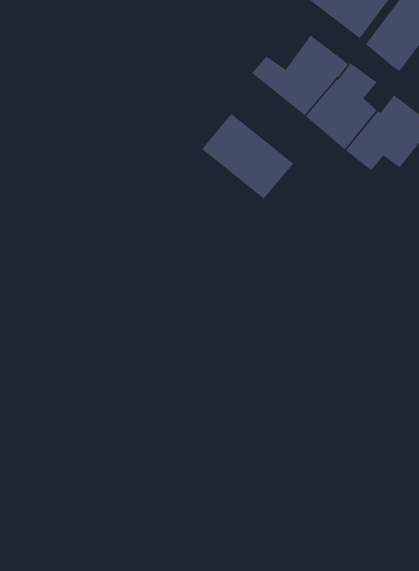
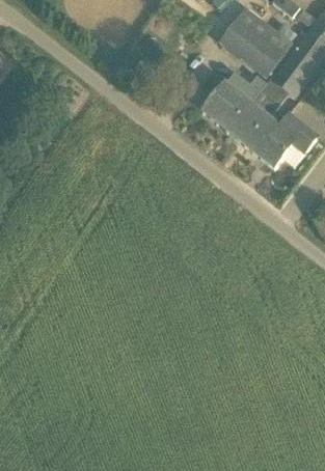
building: [201,113,294,200] -> none

